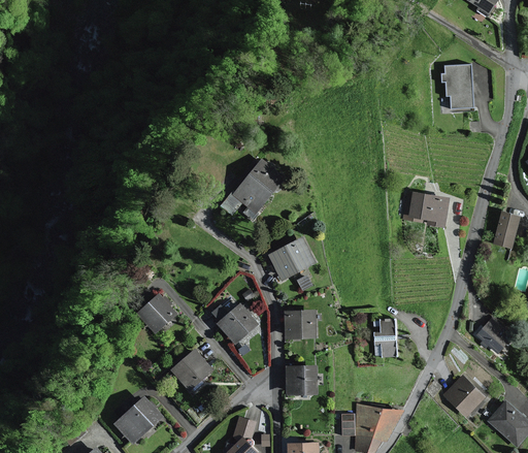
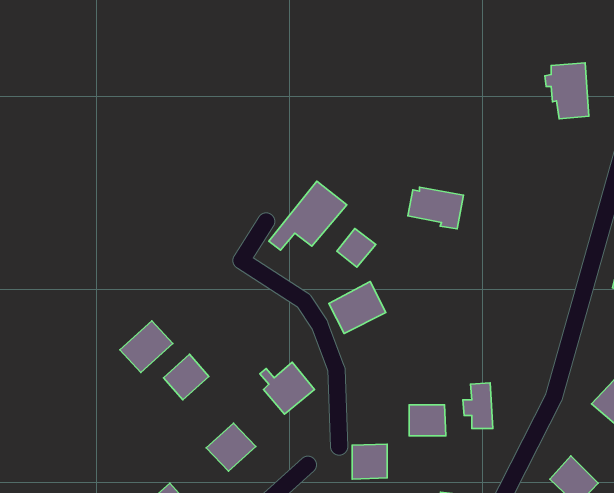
building: [402,193,447,226] -> [408,187,464,229]
building: none -> [337,229,376,267]
building: none -> [120,321,173,372]
building: [286,313,315,337] -> [409,405,446,436]

